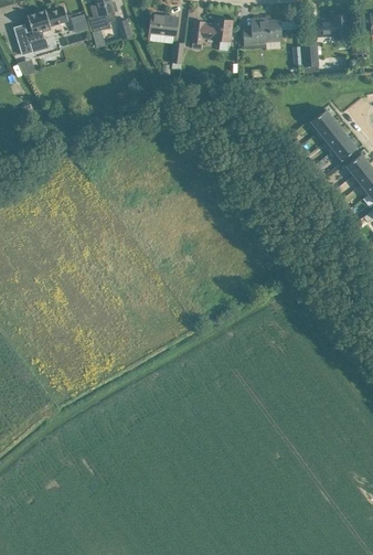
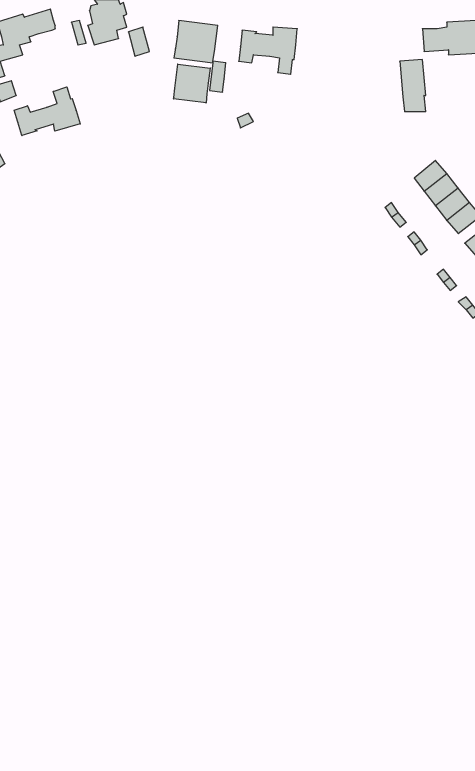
building: [244,19,280,45] -> none
building: none -> [174,64,210,103]
building: none -> [14,87,80,136]

